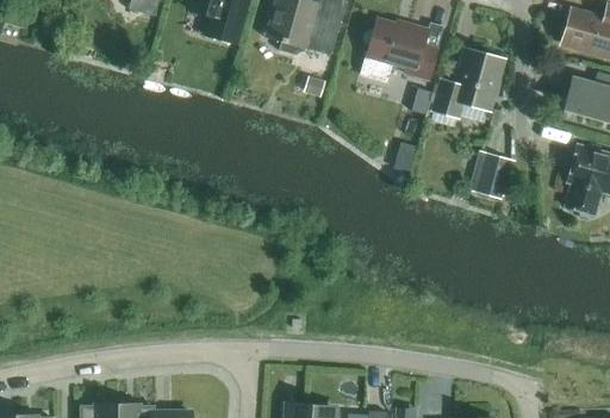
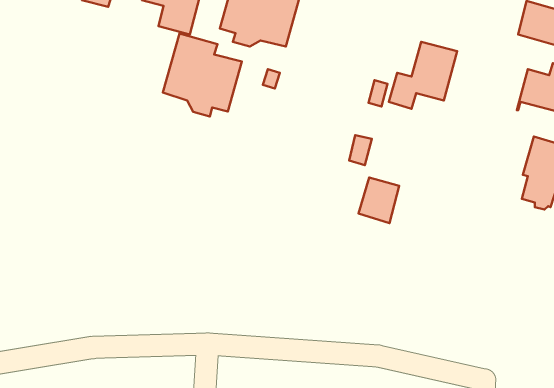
building: [362,19,437,79] -> none
building: none -> [163,34,242,117]
building: [469,152,510,198] -> [358,178,399,223]

